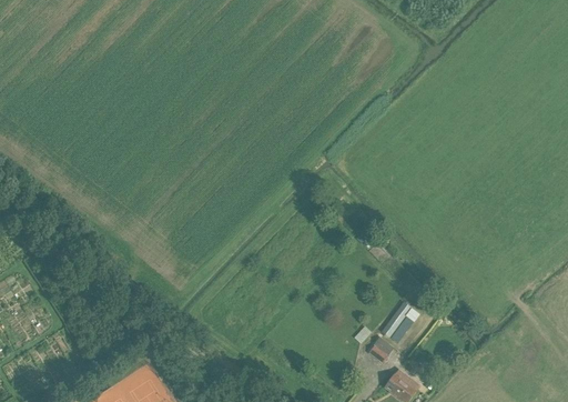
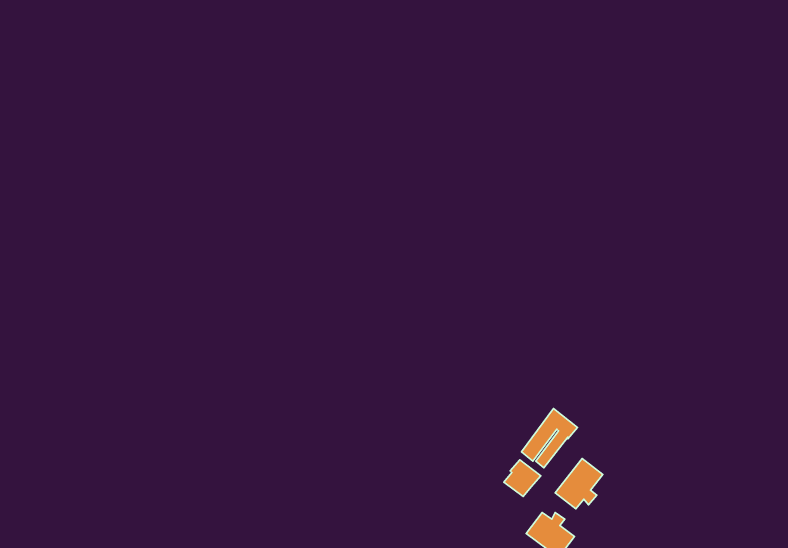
building: none -> [555,459,603,509]

